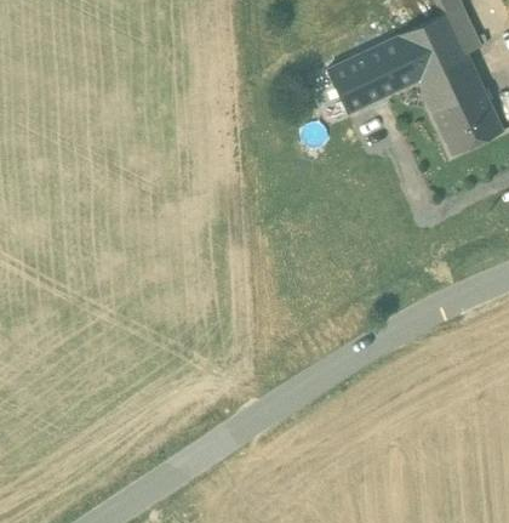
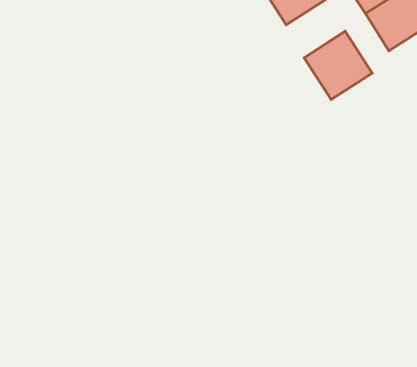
building: none -> [304,31,372,100]

